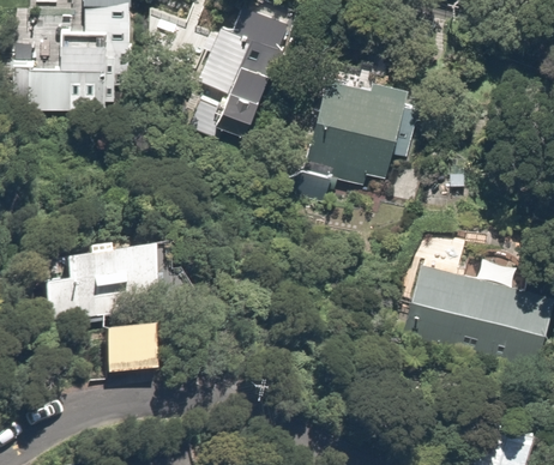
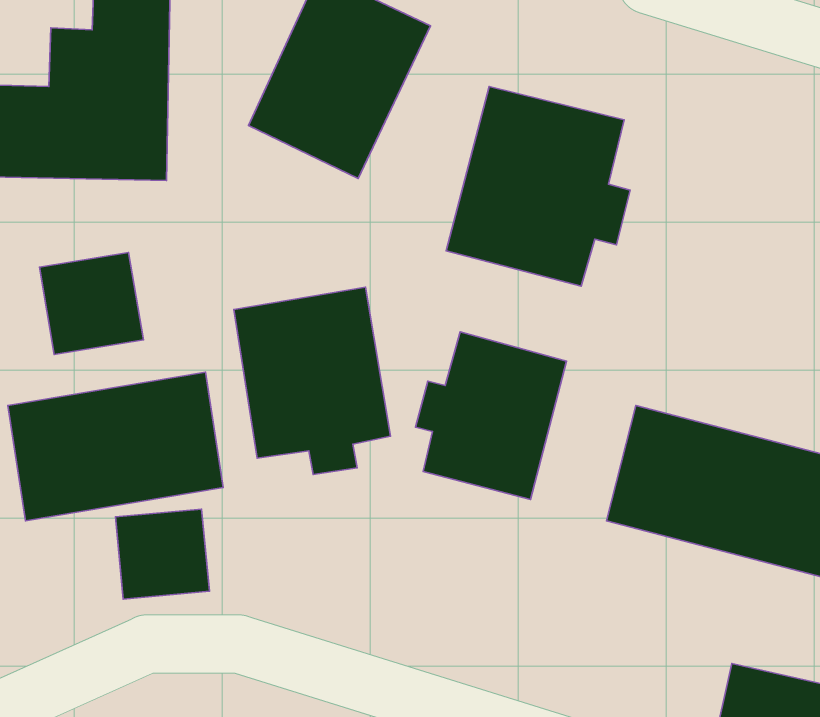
building: none -> [39,253,143,355]
building: none -> [234,287,391,475]
building: none -> [415,332,567,500]

